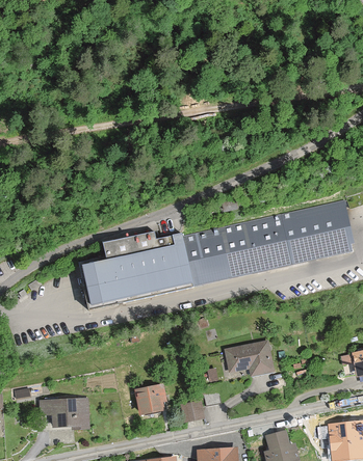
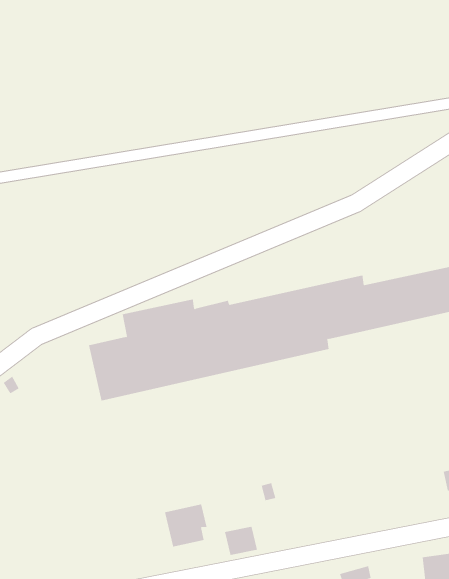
building: [224,341,275,378] -> none
building: [38,399,88,431] -> none

